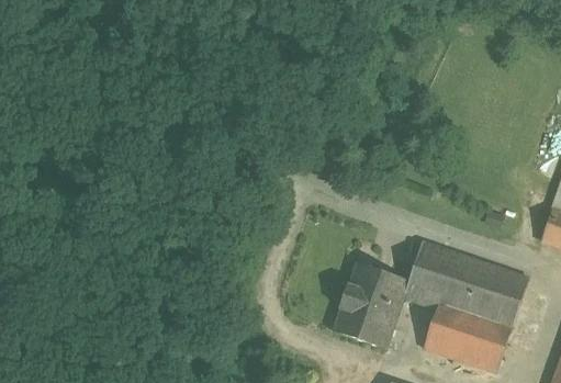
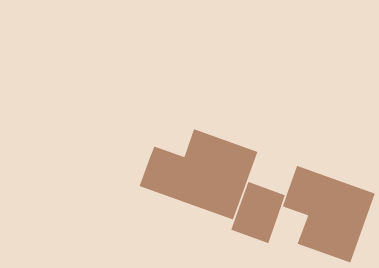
building: none -> [138,128,258,221]

